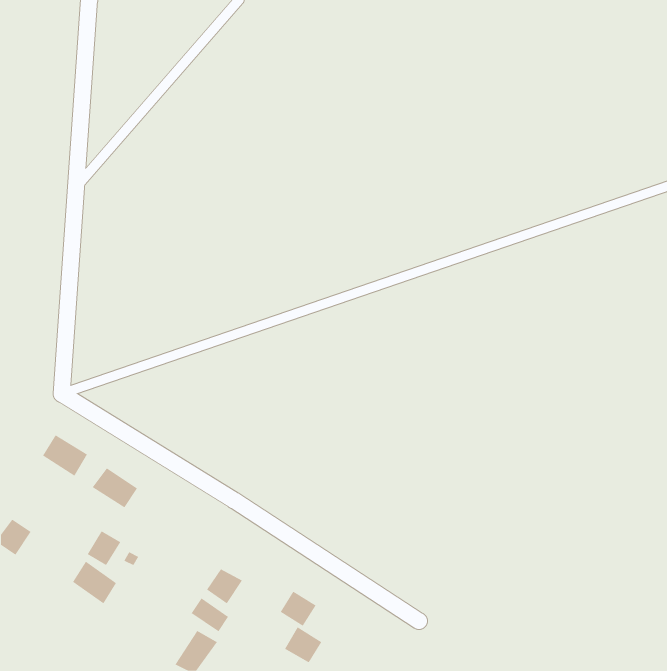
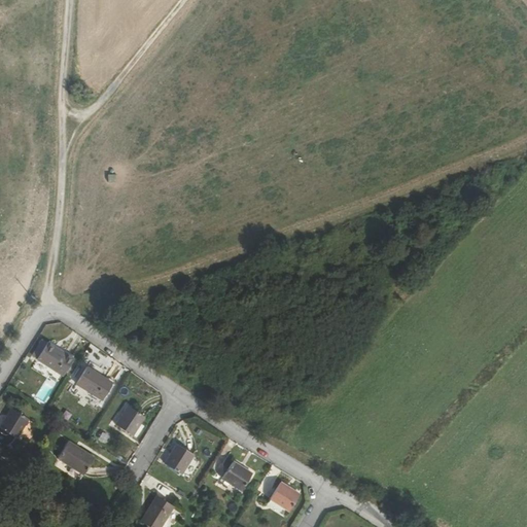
building: [87,530,121,566] -> [117,407,144,434]
building: [191,598,229,632] -> none
building: [284,626,322,663] -> [271,483,301,512]

